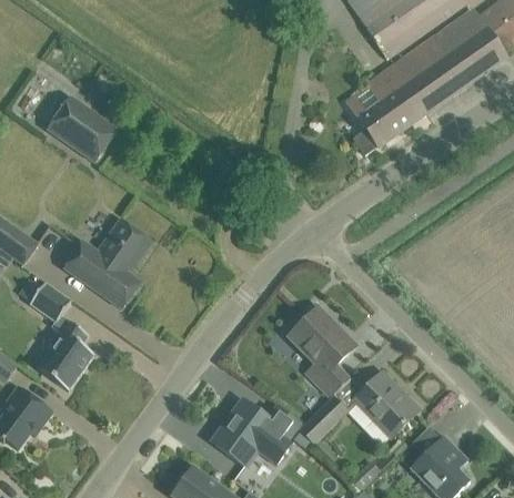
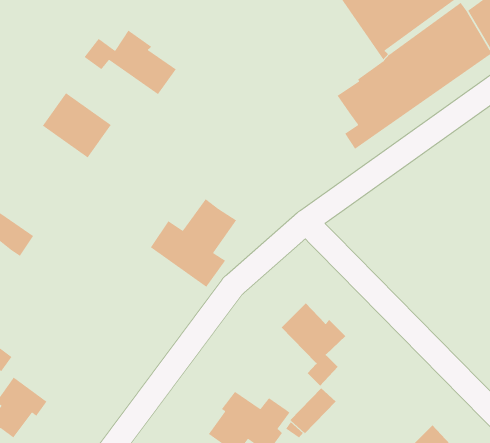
building: none -> [84,29,177,95]
building: [63,218,152,309] -> [150,198,237,288]
building: [19,277,93,390] -> none
building: [352,372,415,438] -> none

